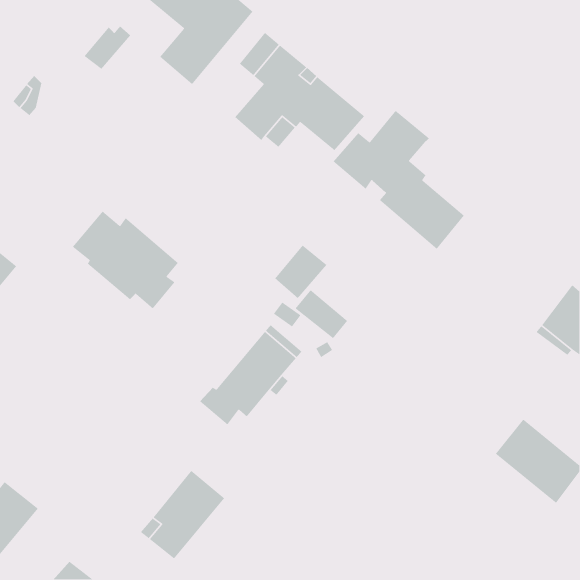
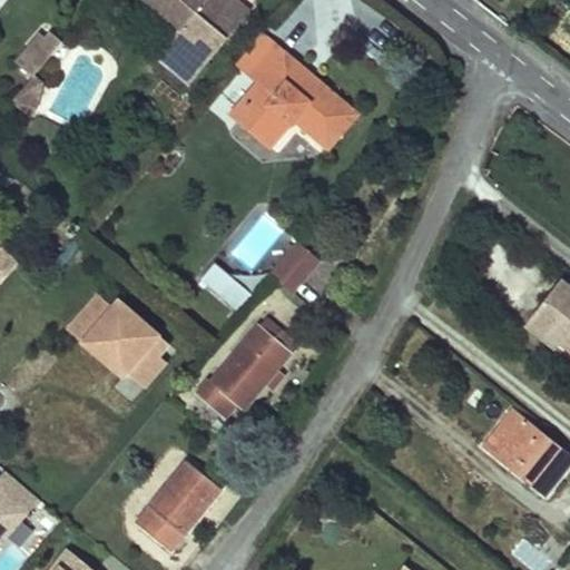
building: [83,25,131,70] -> [16,30,62,73]
building: [333,110,465,250] -> none
building: [72,210,179,309] -> [67,297,171,394]
building: [295,289,348,339] -> [199,265,252,314]

